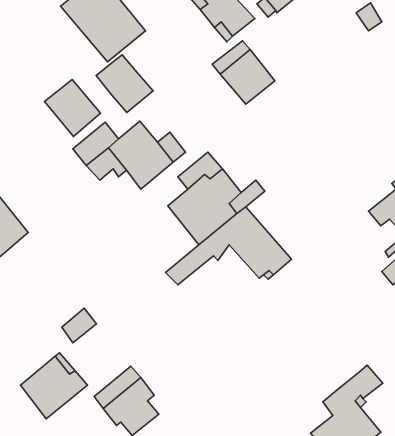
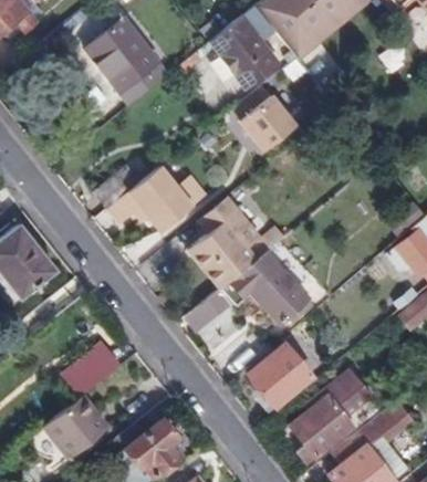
building: [96,55,153,112] -> none
building: [44,80,100,137] -> none
building: none -> [250,345,314,405]
building: none -> [292,369,381,463]

